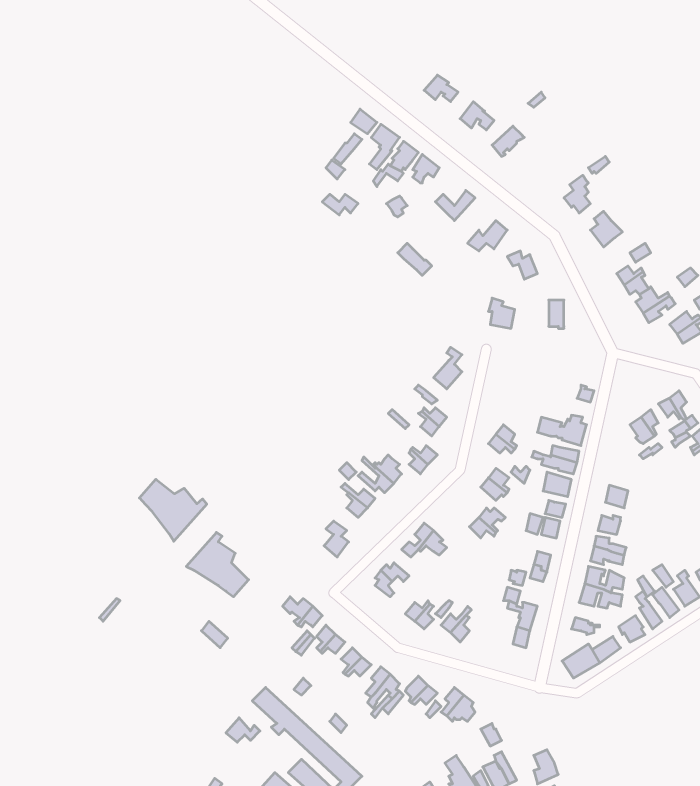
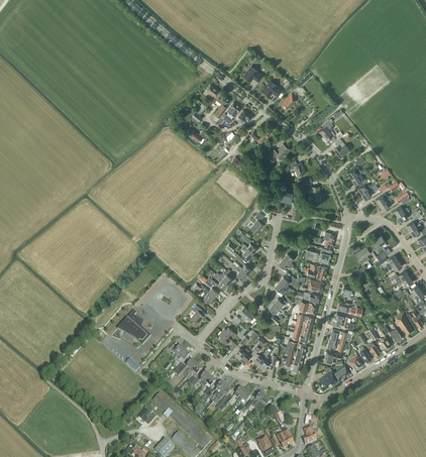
building: [139,479,207,541] -> none

